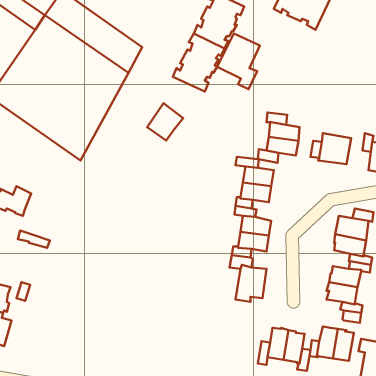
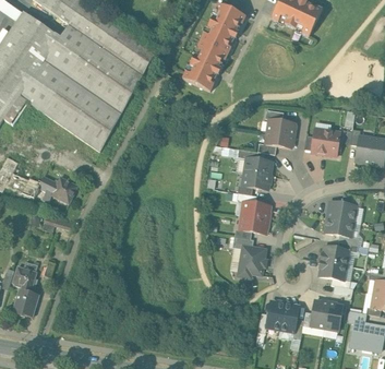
building: [217,33,260,89] -> none
building: [147,103,183,140] -> none
building: none -> [51,176,79,203]

